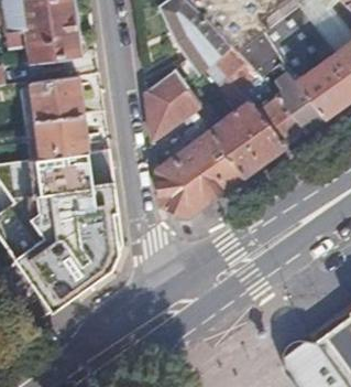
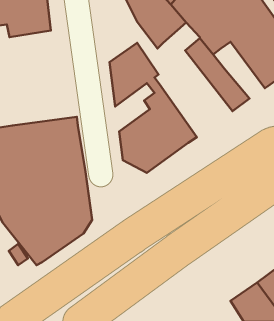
building: [204,43,287,174] -> none
building: [274,65,325,130] -> none
building: [32,75,89,158] -> none

